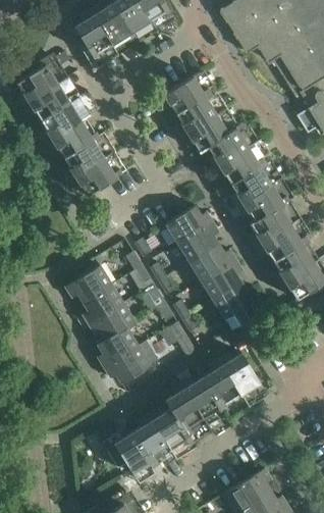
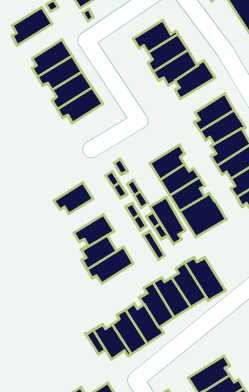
building: [21,79,73,119] -> none
building: [212,142,264,183] -> none
building: [164,204,211,242] -> none
building: none -> [150,197,185,244]
building: [82,284,122,323] -> none

